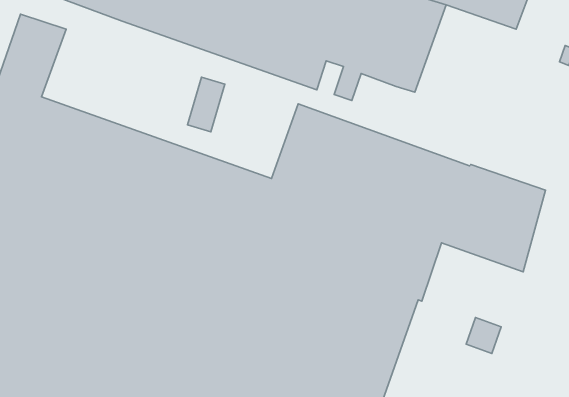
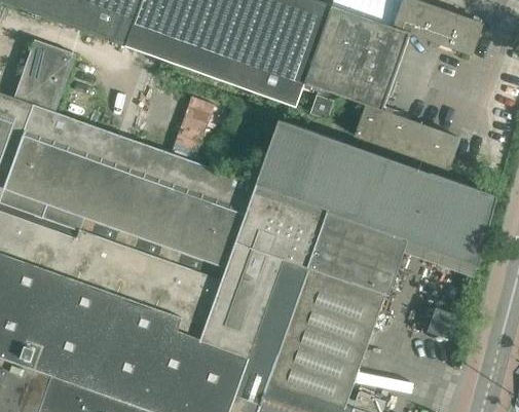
building: none -> [354,104,458,168]

